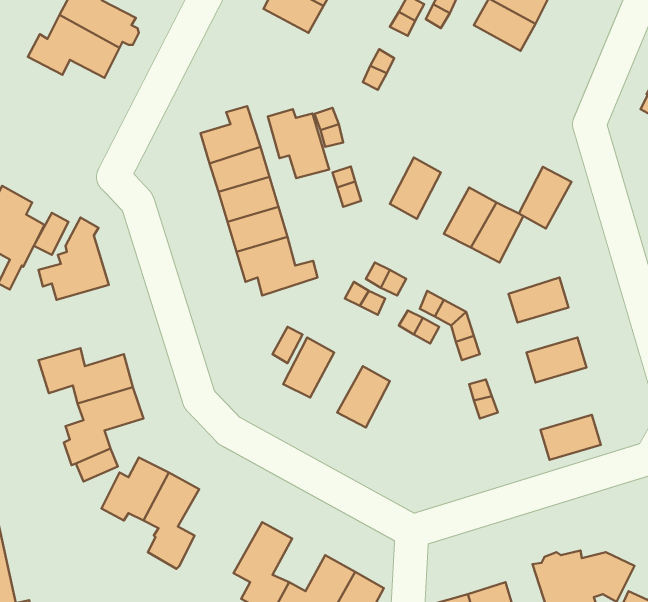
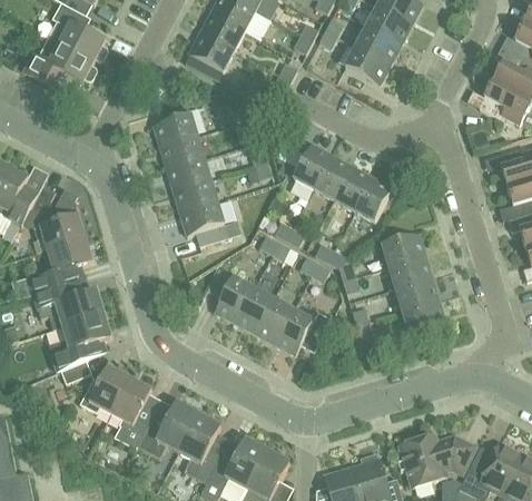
building: none -> [188,32,233,71]
building: none -> [344,45,390,84]
building: [268,109,329,178] -> none
building: [519,167,571,228] -> [313,154,352,199]
building: none -> [35,237,91,292]
building: none -> [387,254,432,287]
building: none -> [234,287,273,332]
building: none -> [275,308,332,354]
building: [541,415,601,460] -> [401,298,445,332]
building: none -> [137,401,198,456]

